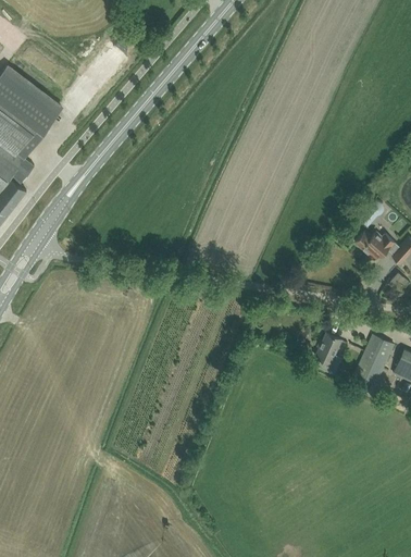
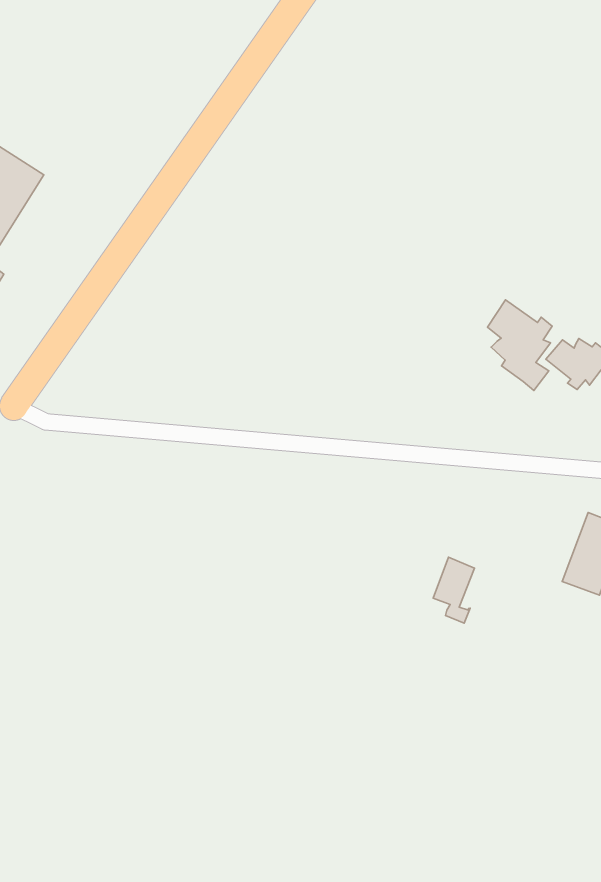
building: none -> [488,300,552,391]
building: [315,332,341,372] -> [433,557,475,623]

